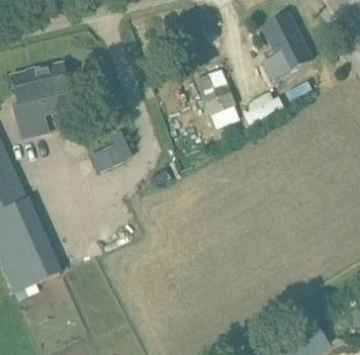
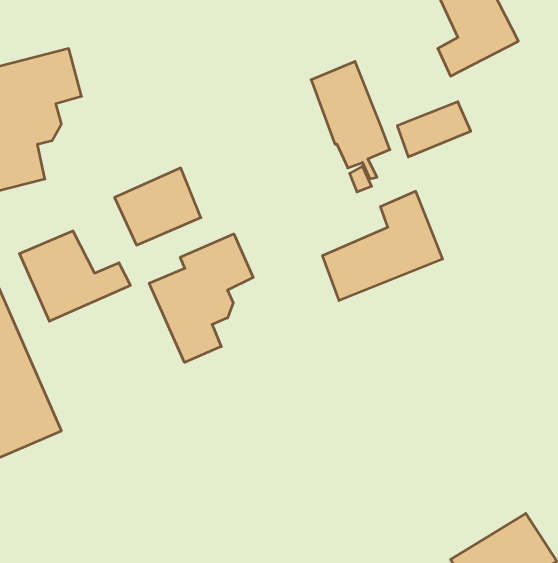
building: none -> [323,191,443,301]
building: none -> [19,231,130,321]
building: none -> [149,234,253,362]

